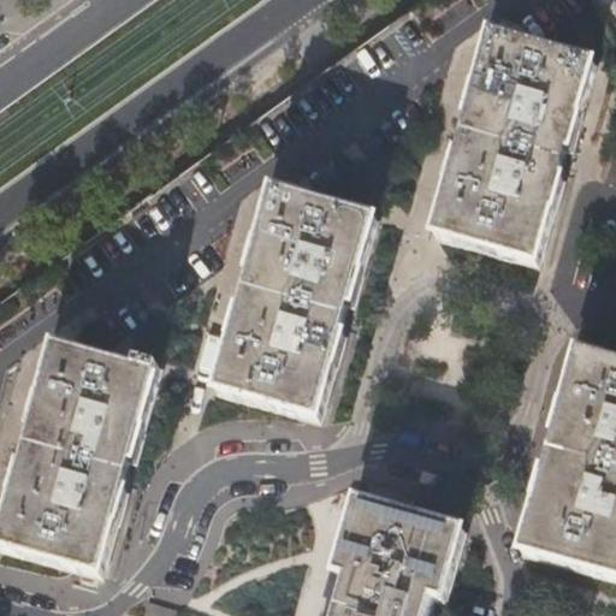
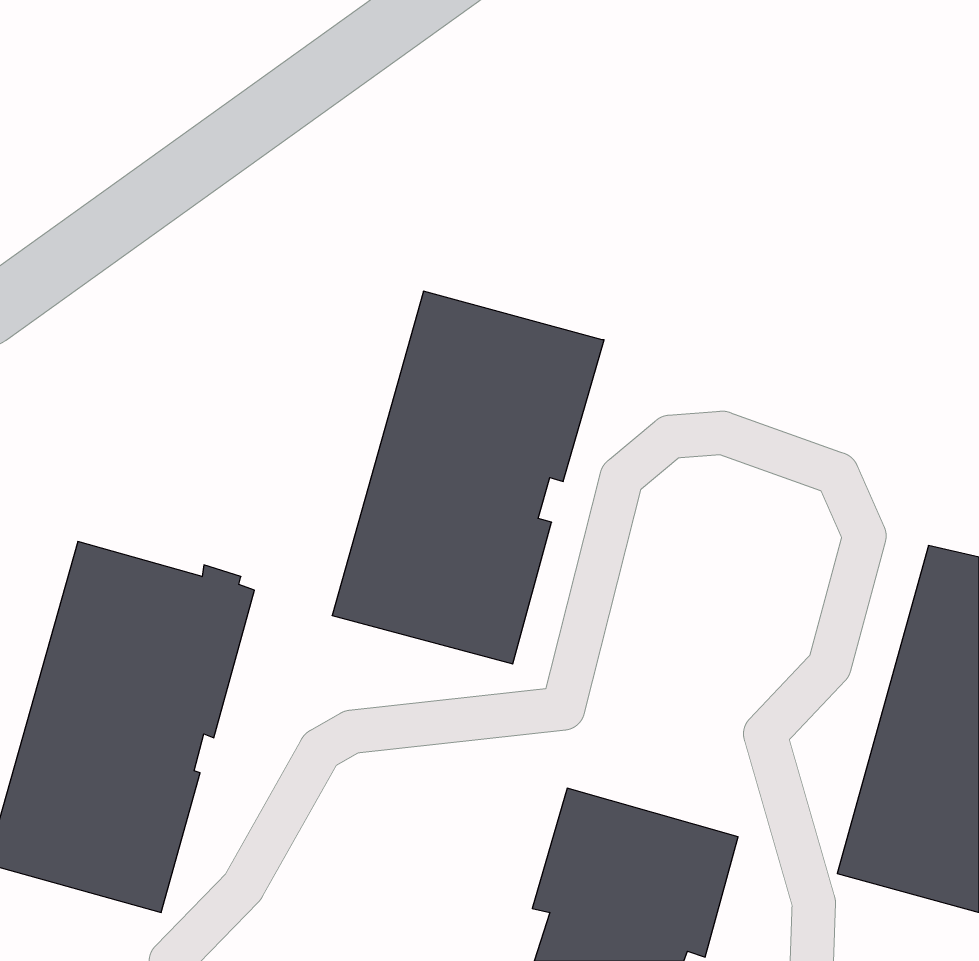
building: [434,25,599,257] -> none

